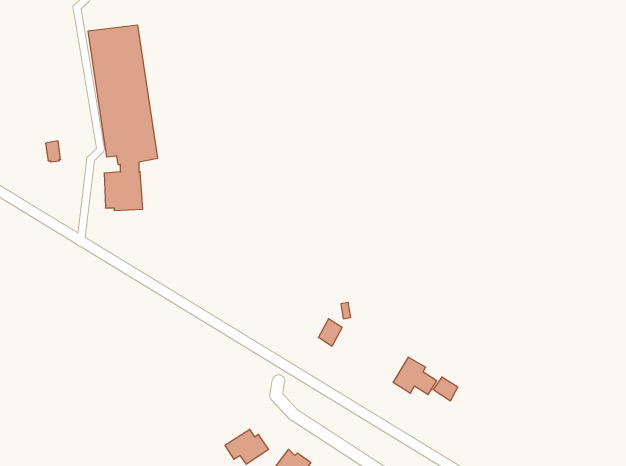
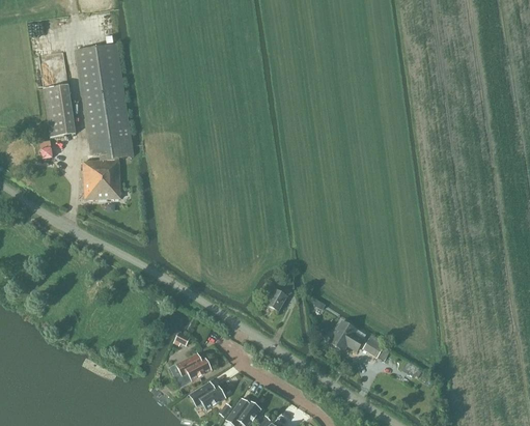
building: none -> [44,83,76,137]
building: none -> [176,351,212,379]

